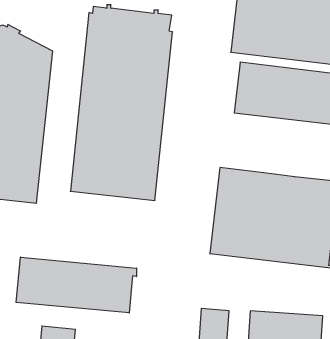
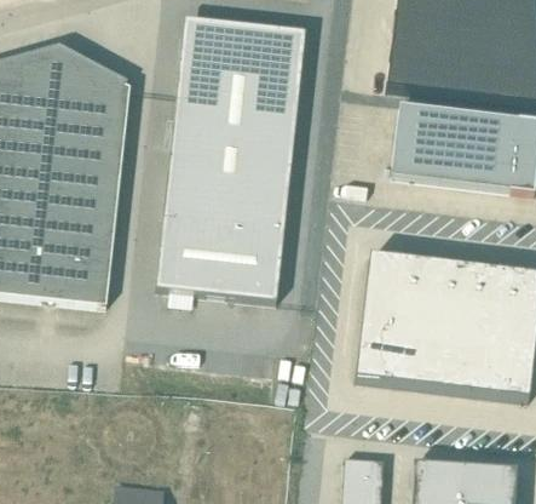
building: [16,257,136,313] -> none

